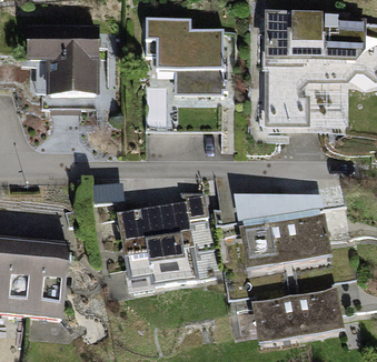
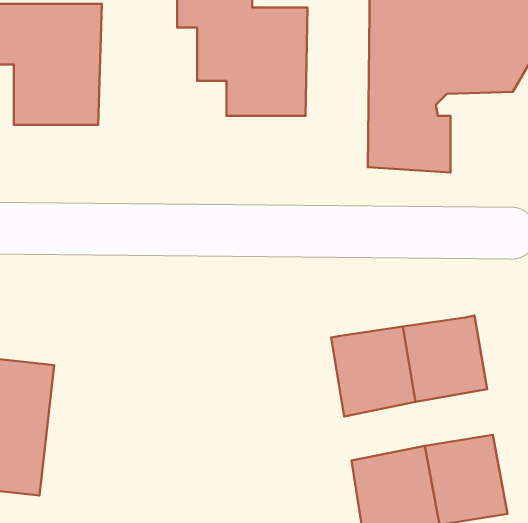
building: [117,191,209,294] -> none
building: [234,192,325,228] -> none

